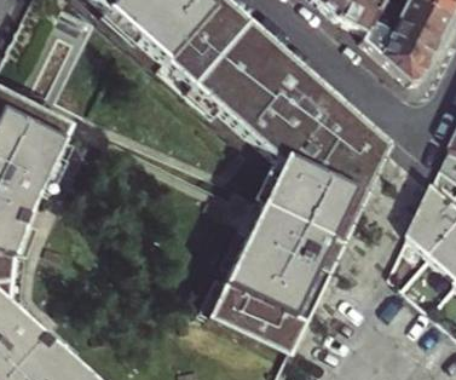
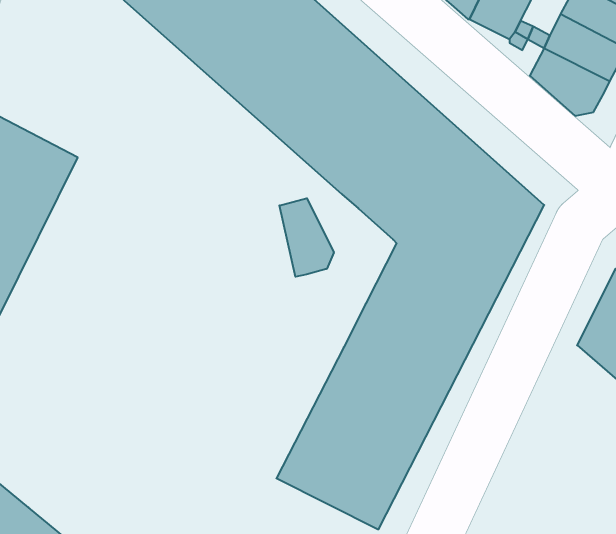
building: none -> [279,198,334,277]

